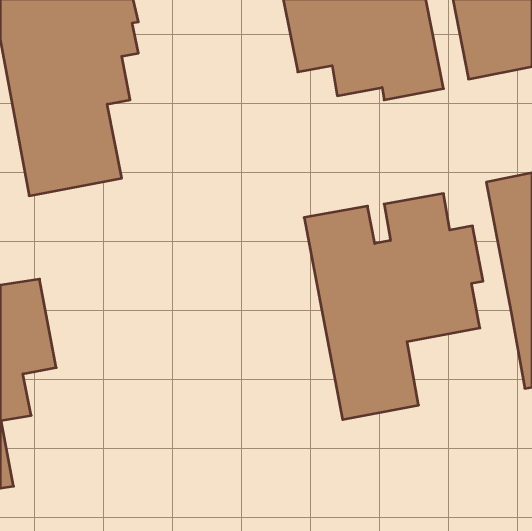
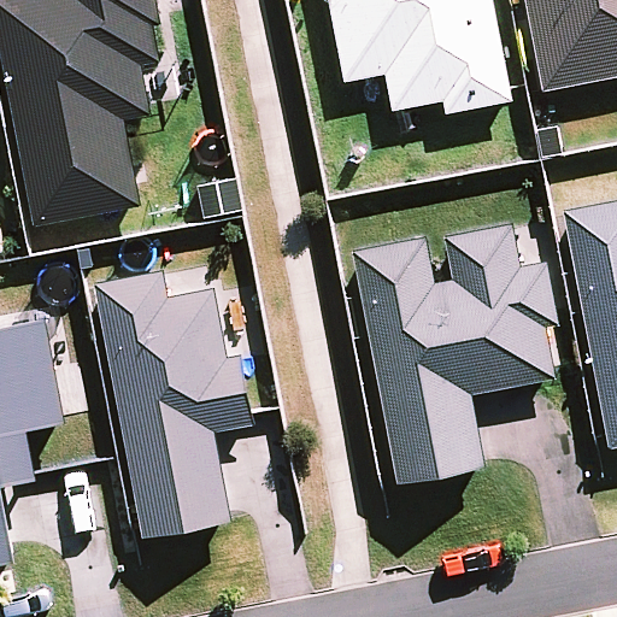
building: none -> [93,270,253,540]

